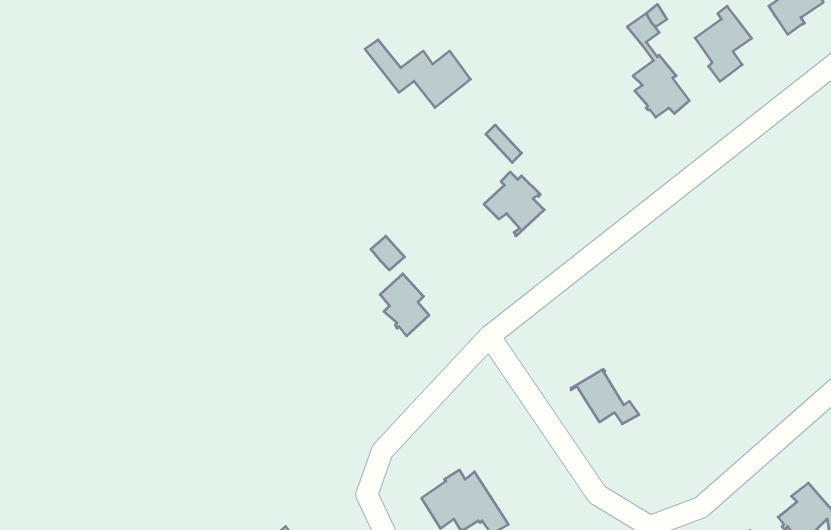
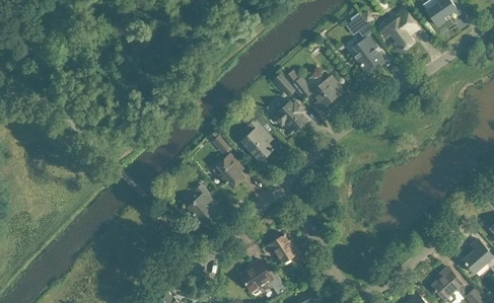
building: [365,40,471,108] -> [285,70,342,106]
building: none -> [240,119,273,161]
building: none -> [188,184,220,222]
building: [571,369,639,424] -> [267,234,303,263]

